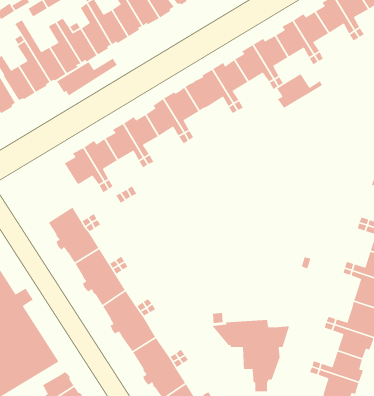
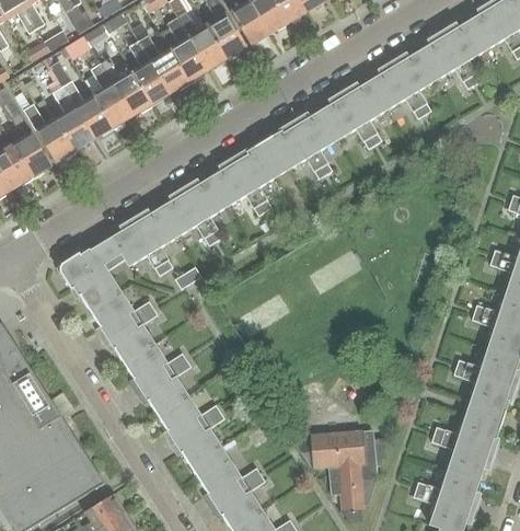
building: [56,58,118,97] -> none
building: [276,73,323,109] -> none
building: none -> [58,238,124,311]

